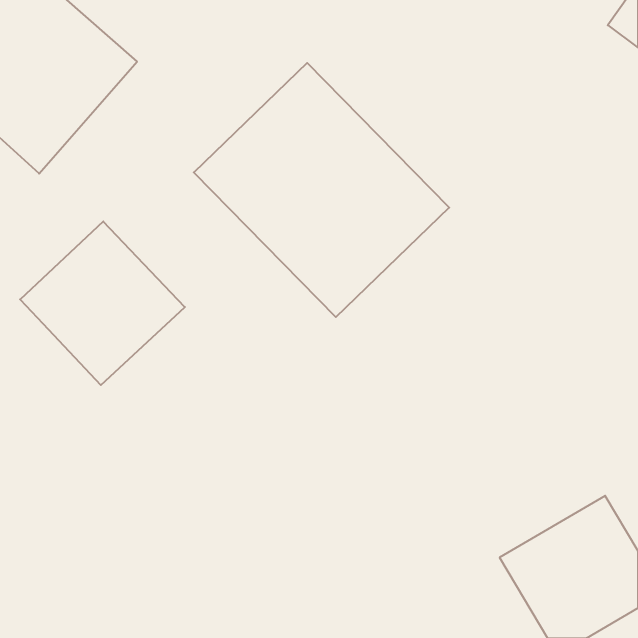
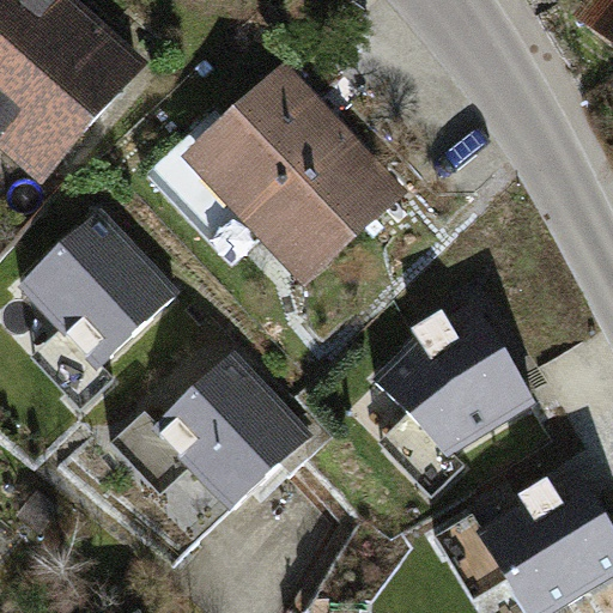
building: none -> [372,304,535,457]
building: none -> [151,350,309,508]

